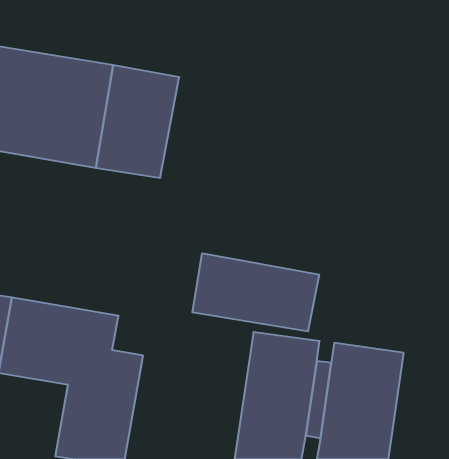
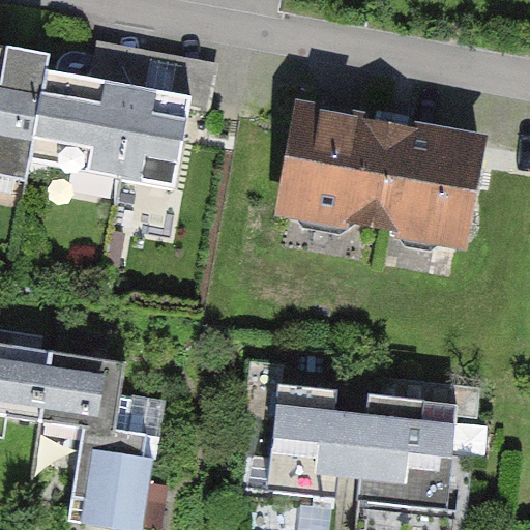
building: none -> [271,109,466,237]
building: [192,253,319,331] -> none

